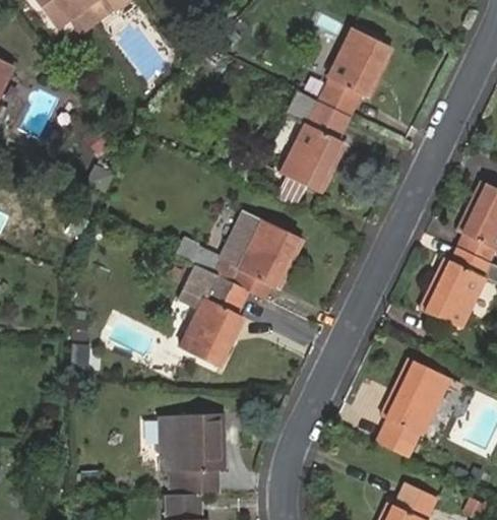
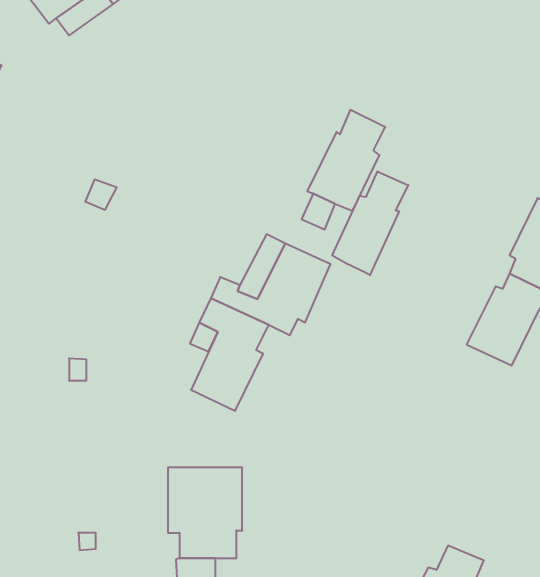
building: [319,27,389,117] -> none
building: none -> [332,171,408,275]
building: [376,359,449,456] -> none

